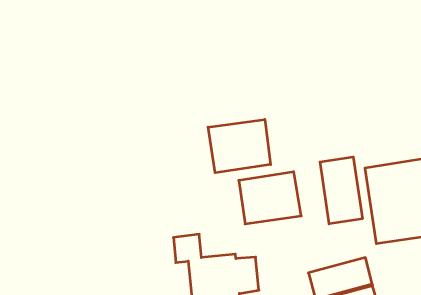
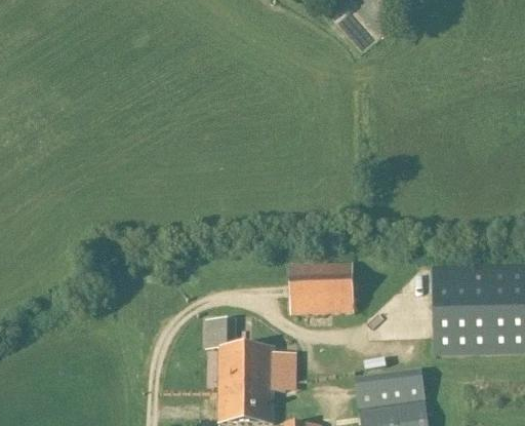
building: [208,119,271,173] -> none
building: [320,157,362,224] -> none

